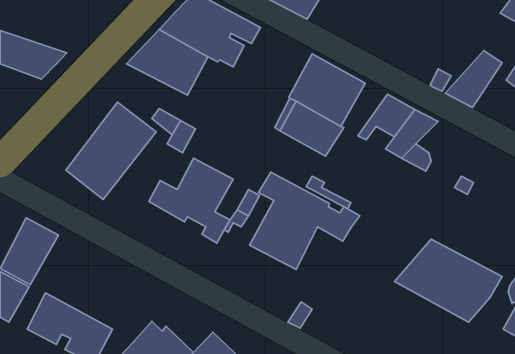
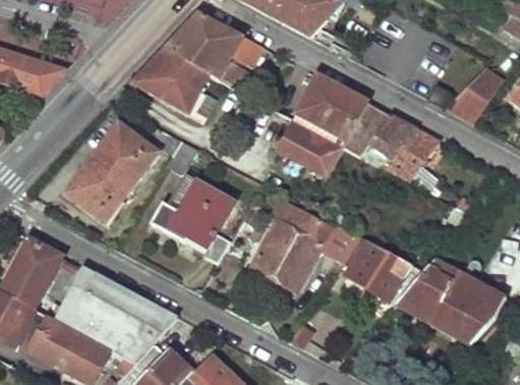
building: none -> [343,104,390,157]
building: none -> [346,237,409,298]
building: none -> [47,266,178,364]

